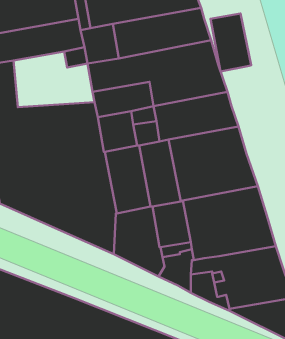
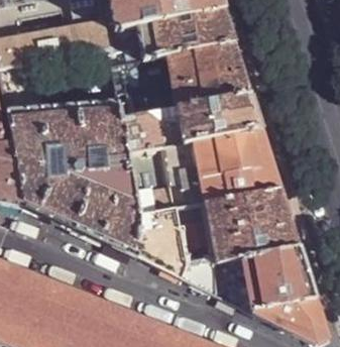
building: [211,13,251,72] -> none

